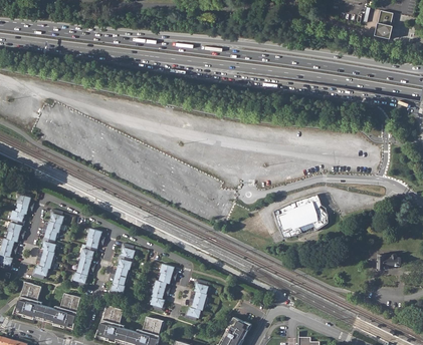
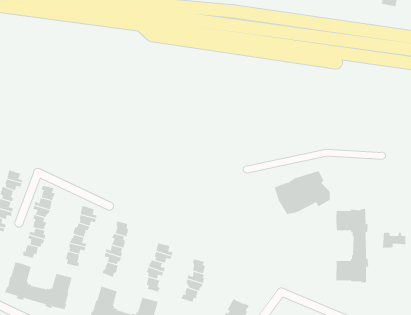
building: none -> [336,208,369,283]

